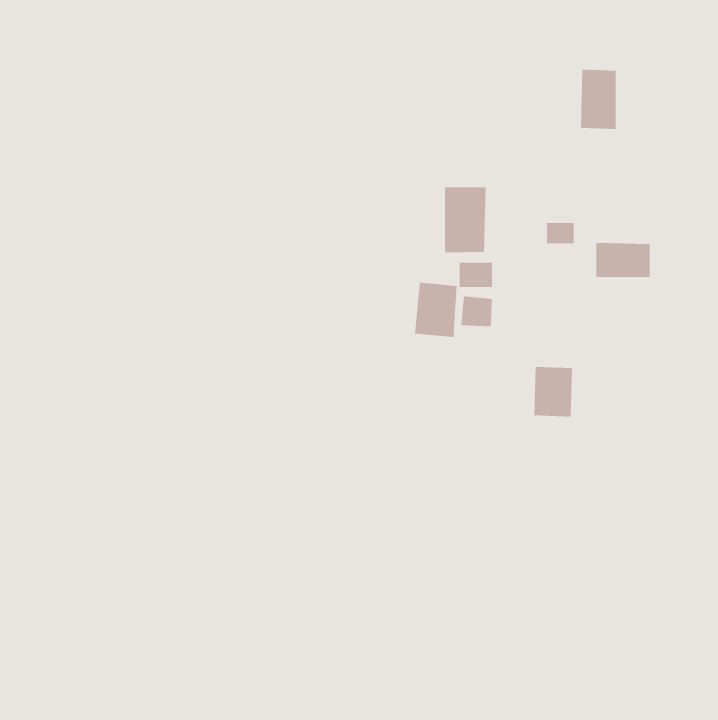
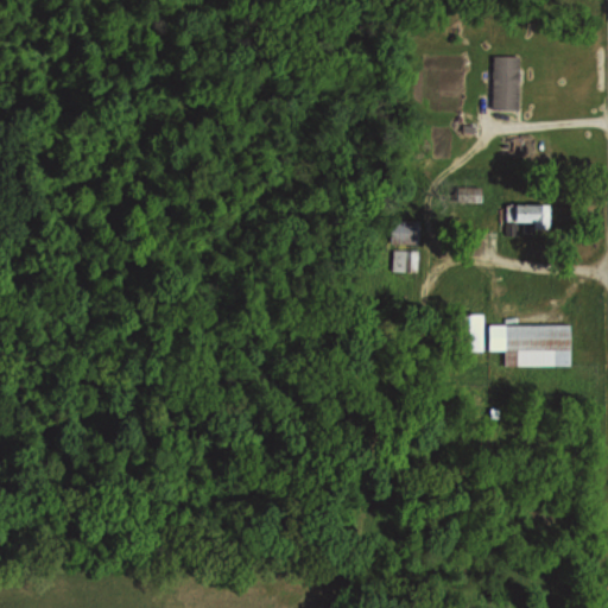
building: [445,186,486,253] -> none
building: [415,282,457,338] -> none
building: none -> [490,323,570,367]

